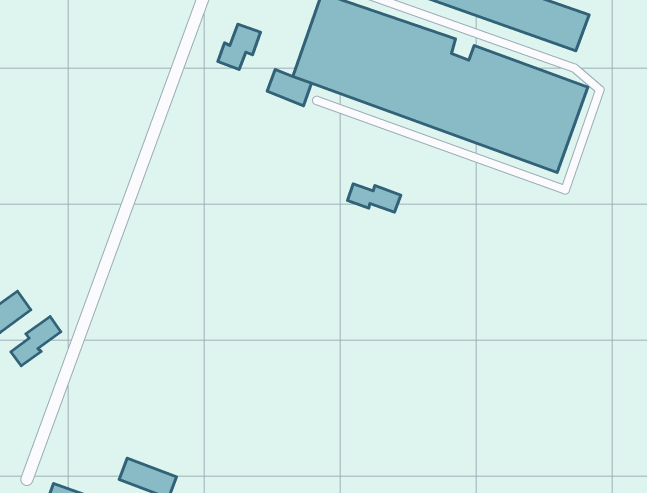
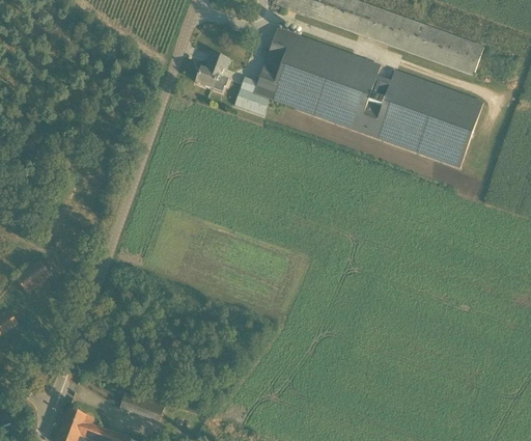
building: [348,184,401,212] -> none
building: [11,317,61,366] -> none

